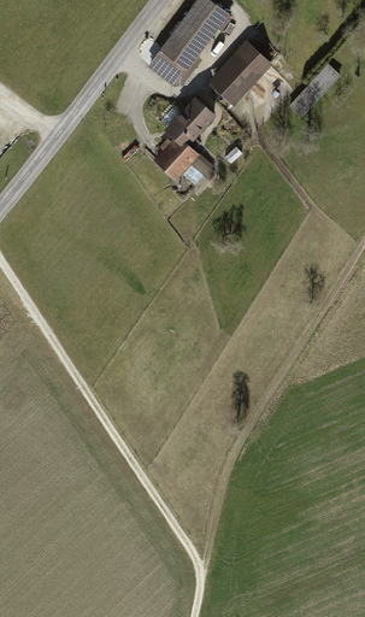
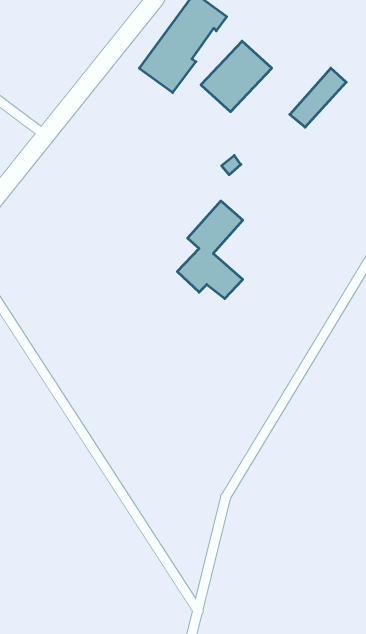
building: [154,98,216,189] -> [177,201,243,299]

